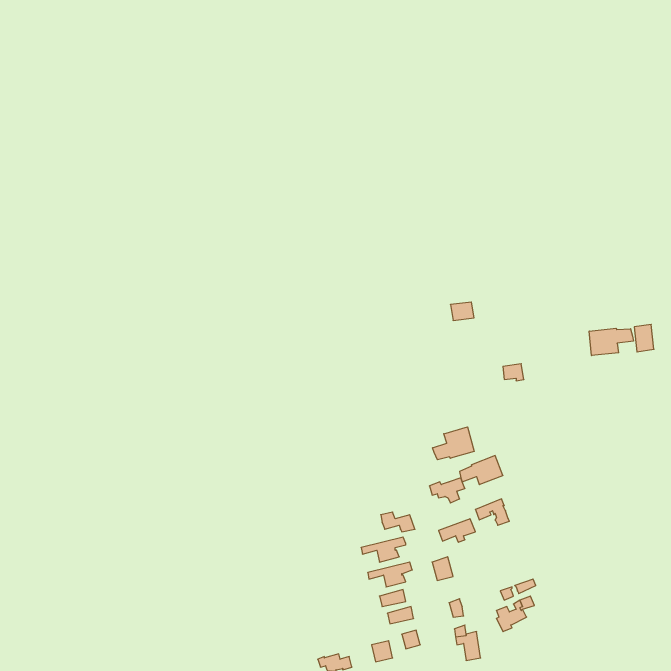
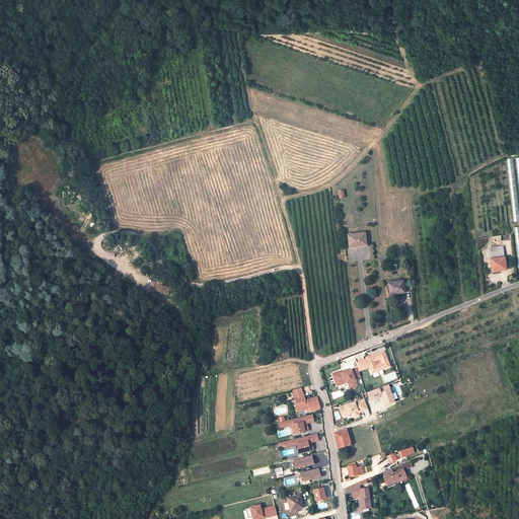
building: [589,328,633,356] -> none
building: [433,427,474,460] -> none

